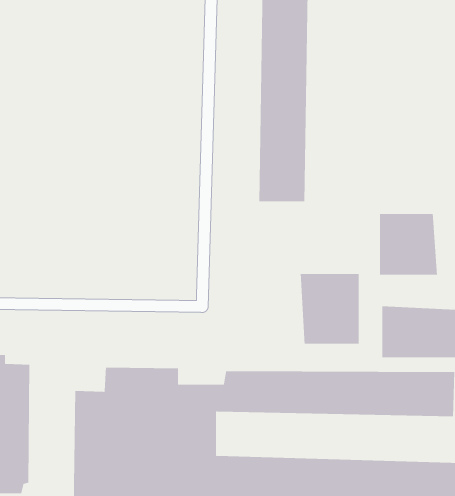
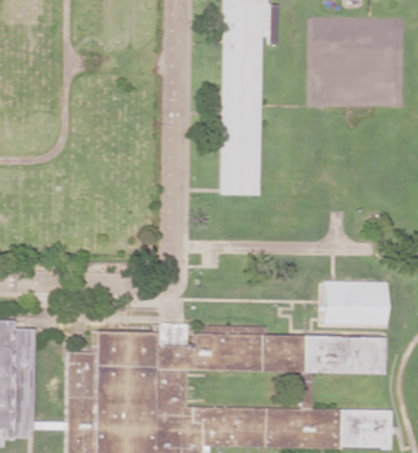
building: [379,213,438,275] -> none
building: [300,273,359,344] -> none

